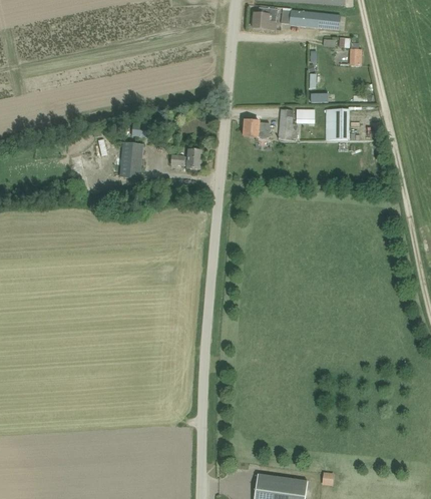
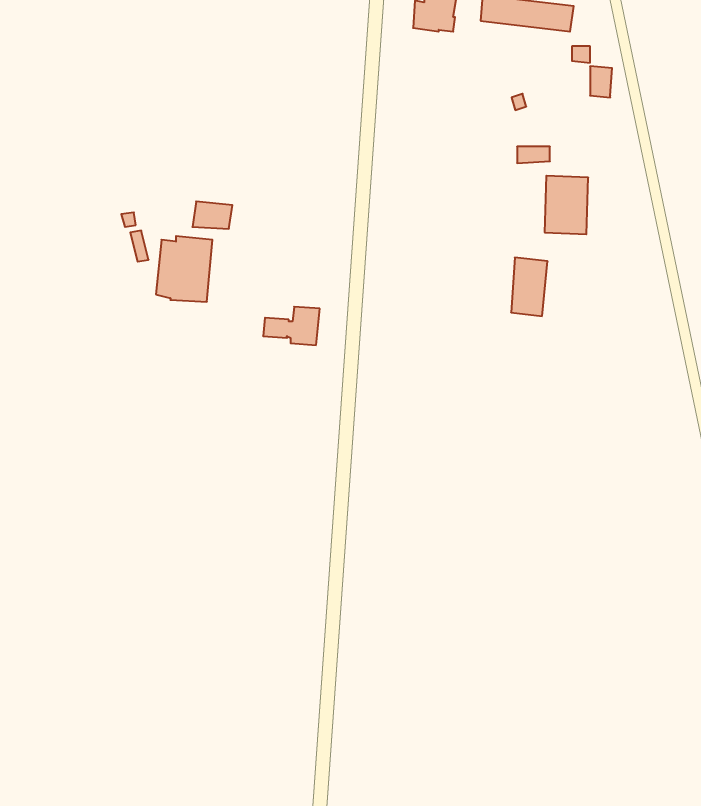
building: [279,108,299,140] -> [511,258,548,316]
building: [243,119,270,137] -> none
building: [170,148,201,169] -> [263,307,320,345]

